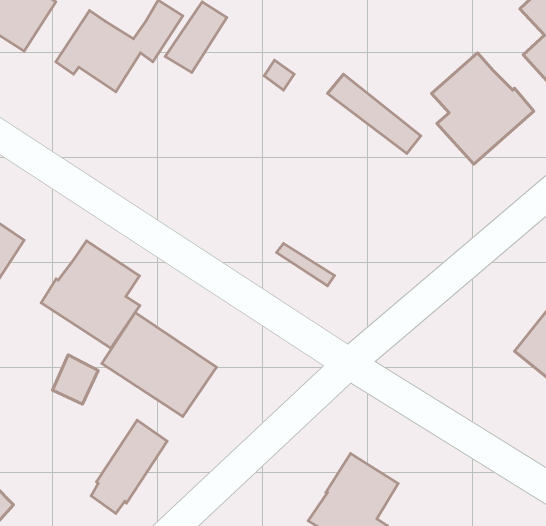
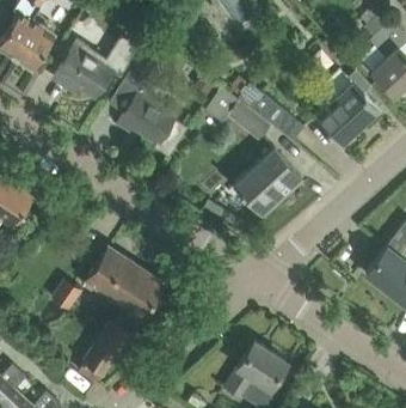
building: none -> [204,86,269,140]
building: none -> [117,90,187,157]
building: none -> [233,148,302,217]
building: [41,241,140,348] -> none

